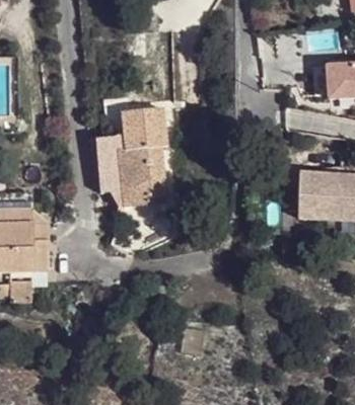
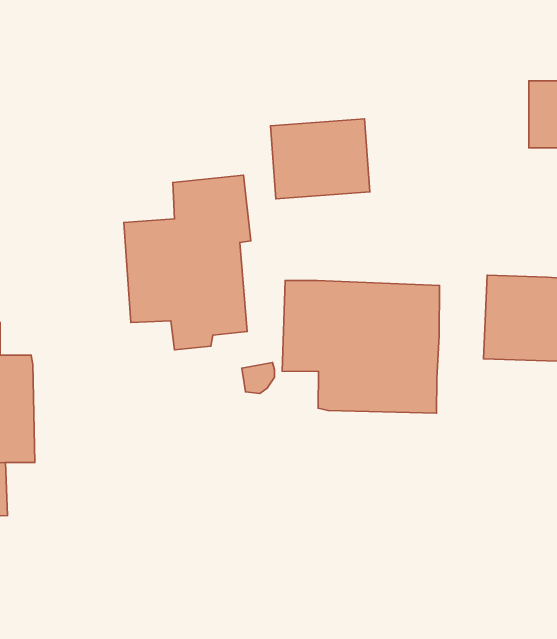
building: none -> [270,119,370,199]
building: none -> [282,280,440,413]

